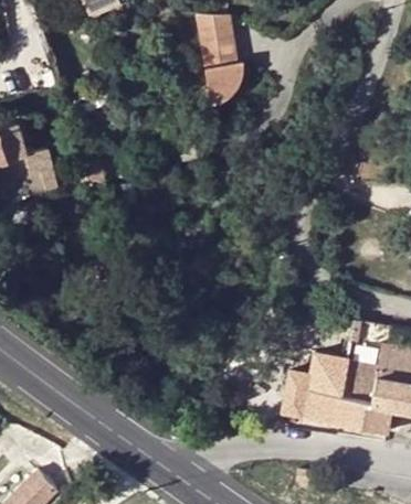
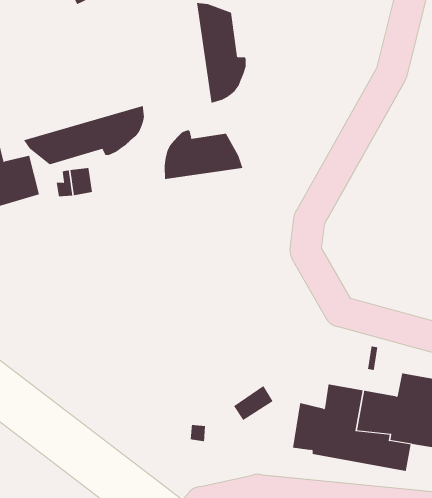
building: none -> [23,105,144,165]
building: none -> [164,130,243,180]

